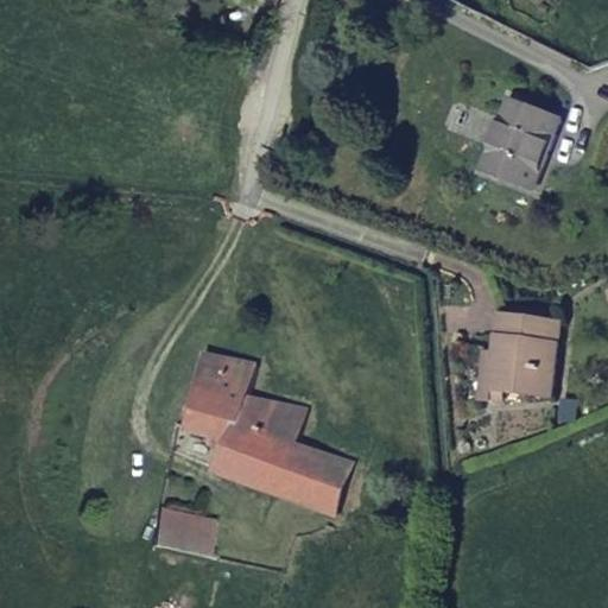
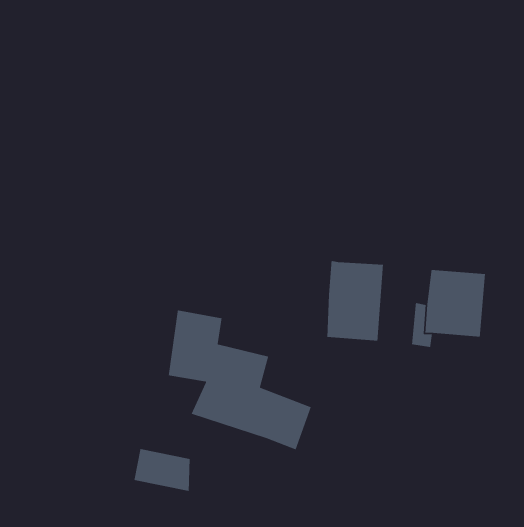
building: [471,87,547,176] -> none
building: none -> [326,260,384,342]

